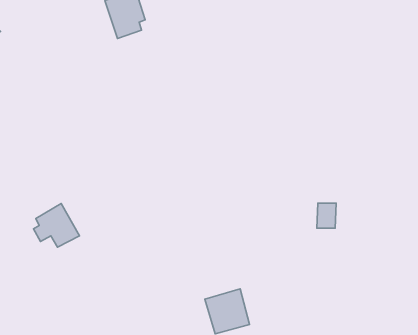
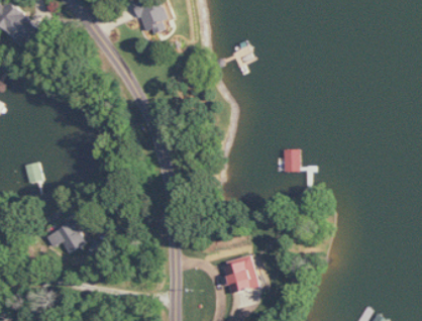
building: [317,203,336,228] -> [281,149,298,172]
building: [34,204,79,247] -> [45,215,86,253]

